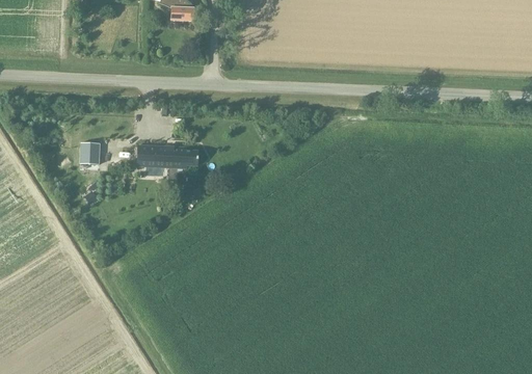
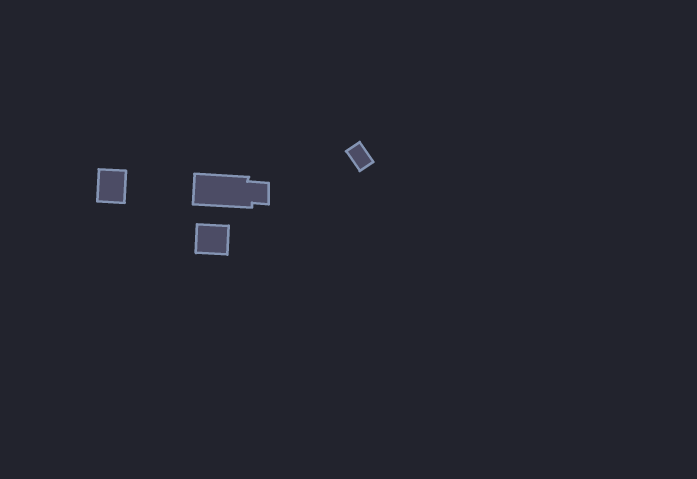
building: none -> [196,224,229,255]

